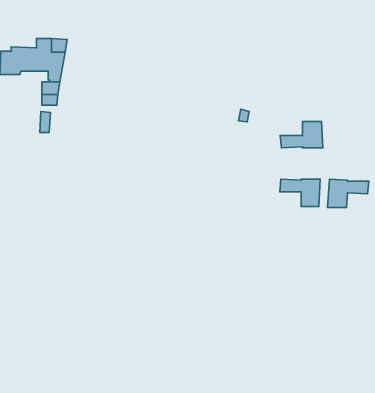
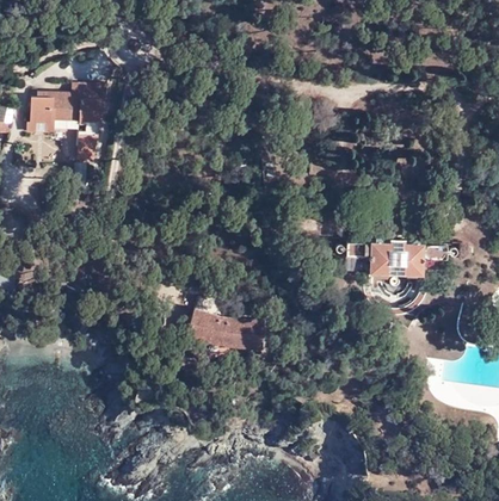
building: [280,122,323,148] -> none
building: none -> [187,308,265,351]

